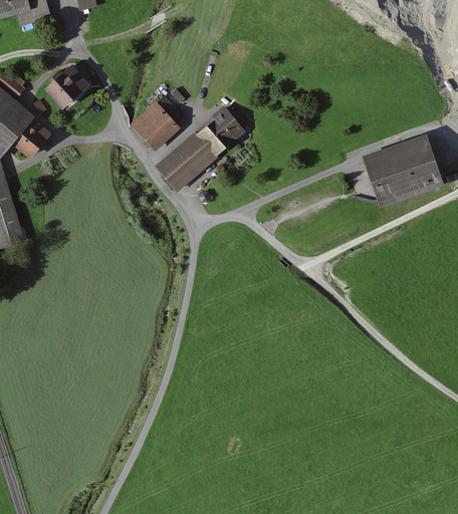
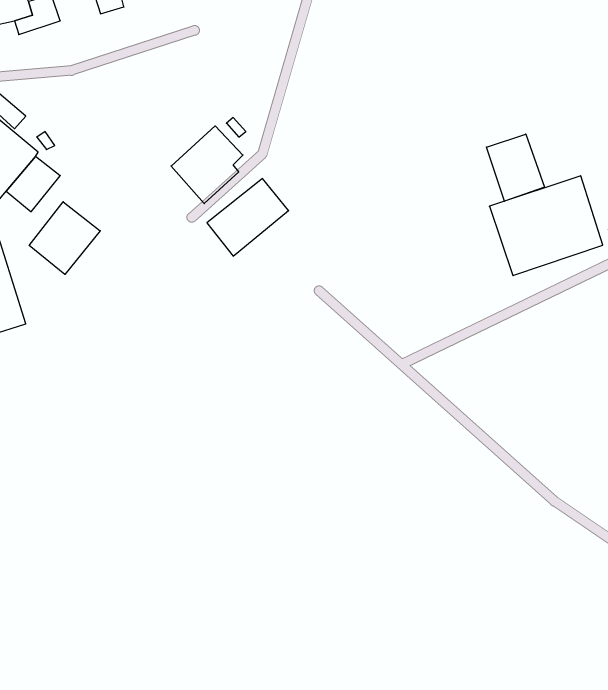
building: [43,62,88,107] -> none
building: none -> [486,134,545,201]
building: [196,103,246,157] -> none
building: none -> [29,202,100,274]

